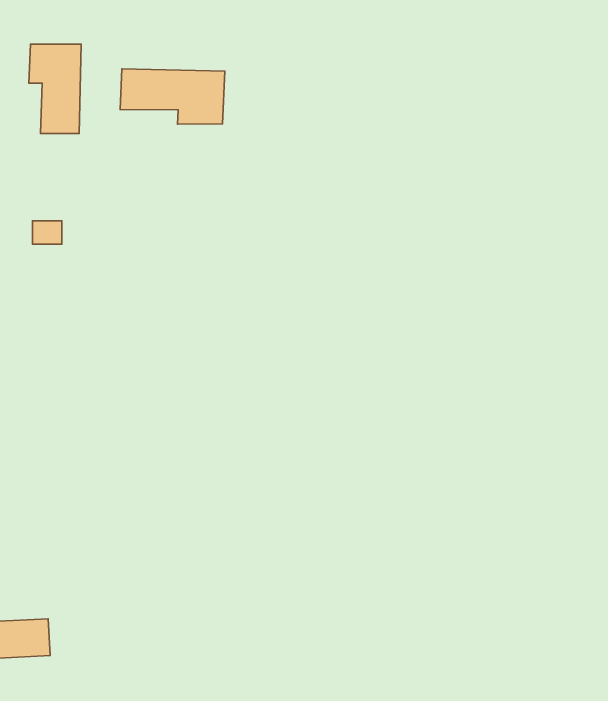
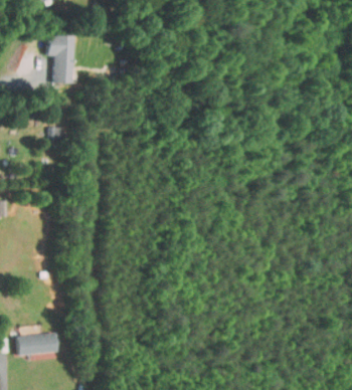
building: [120,69,225,124] -> none

